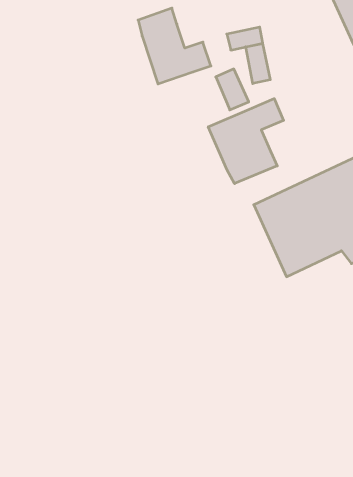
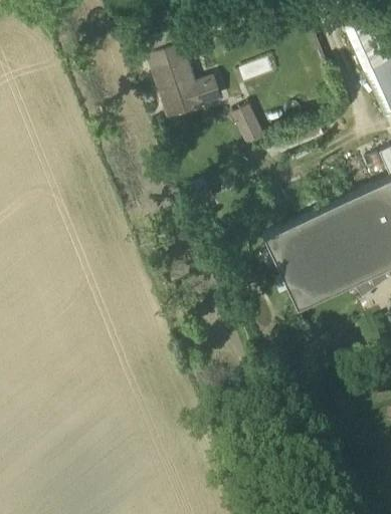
building: [246,44,270,84] -> none
building: [208,99,284,184] -> none

